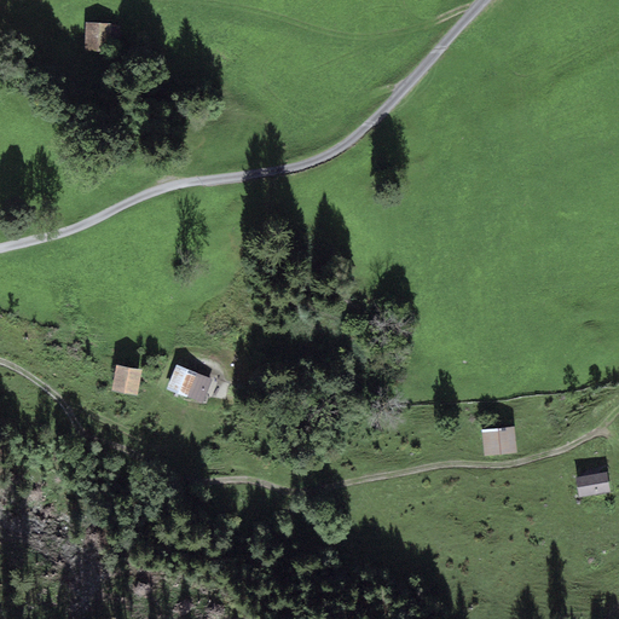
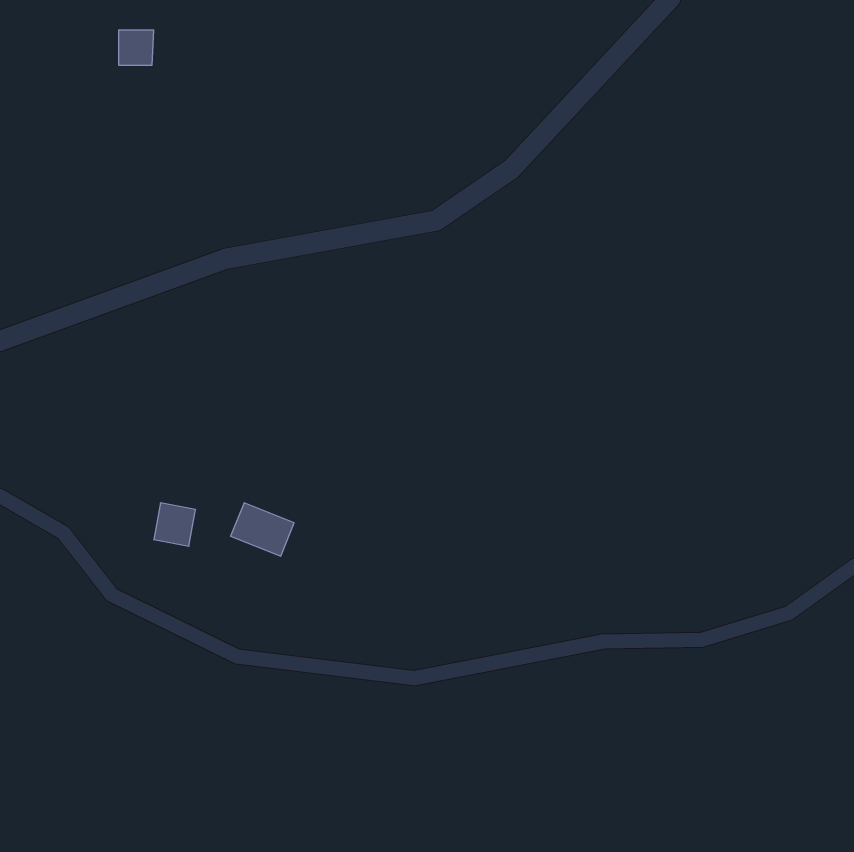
building: [482,427,515,452] -> none
building: [575,470,611,497] -> none

